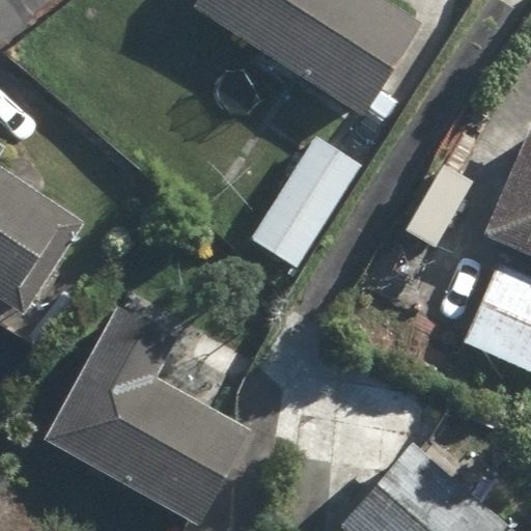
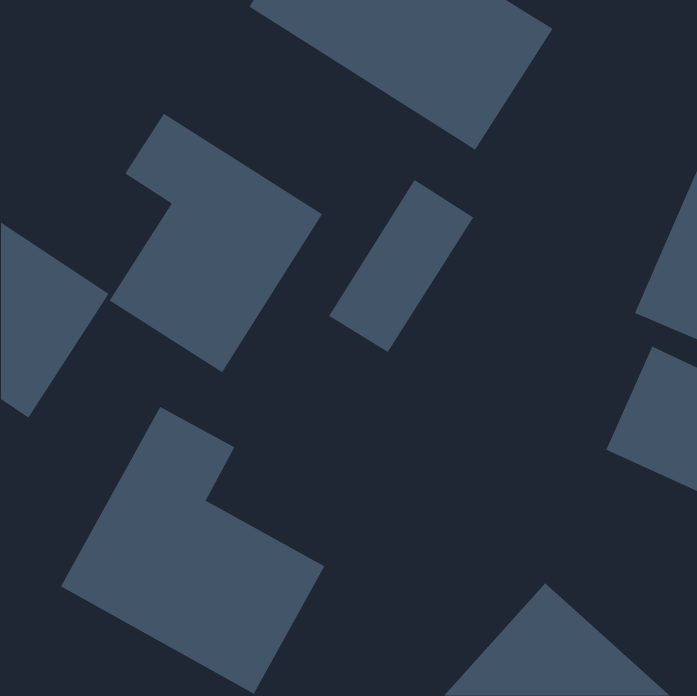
building: none -> [109,113,323,373]

